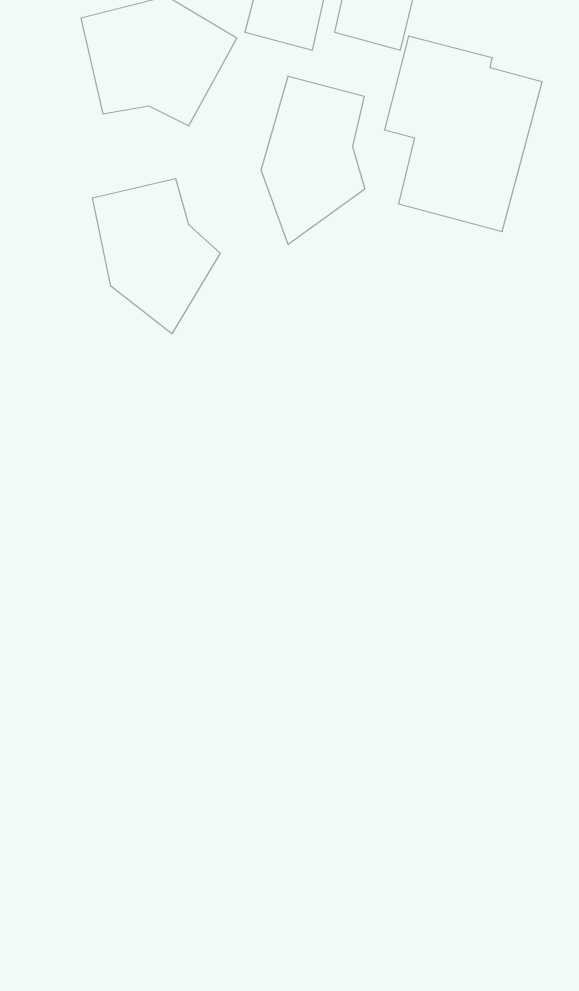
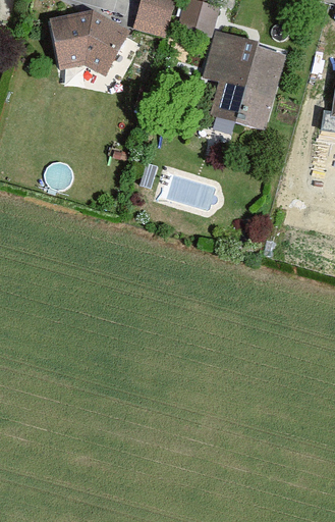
building: [261,76,365,245] -> none
building: [92,179,220,334] -> none

